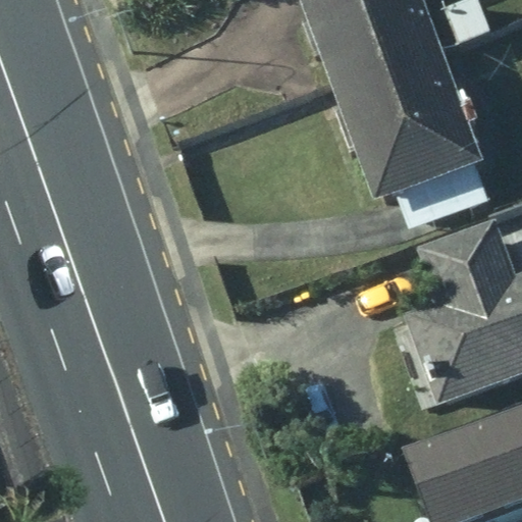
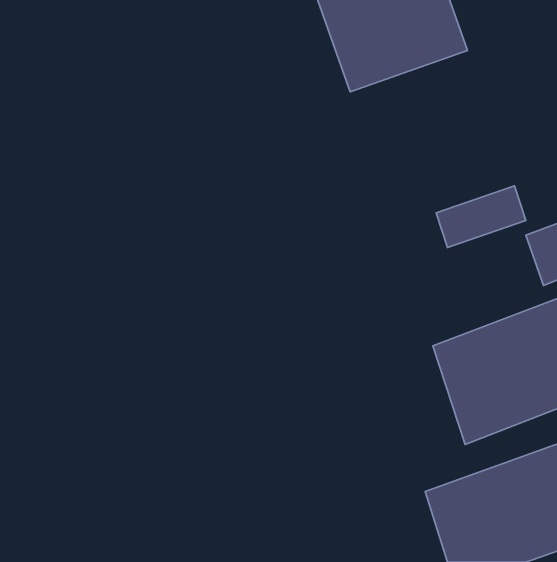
building: [332,46,481,203] -> none

